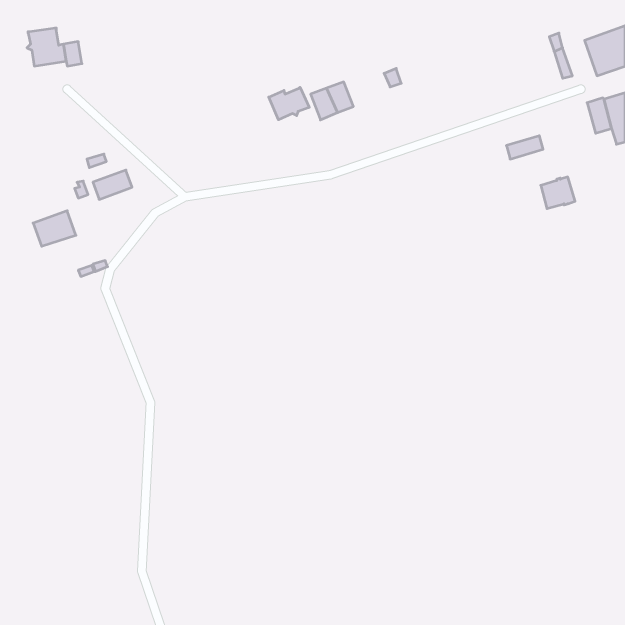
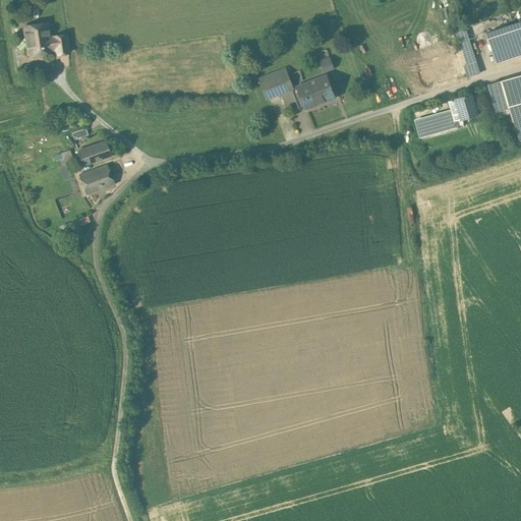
building: [269,87,309,120] -> none
building: none -> [297,76,335,108]
building: [541,177,575,209] -> [449,95,477,121]
building: [33,211,76,246] -> [78,165,114,194]

